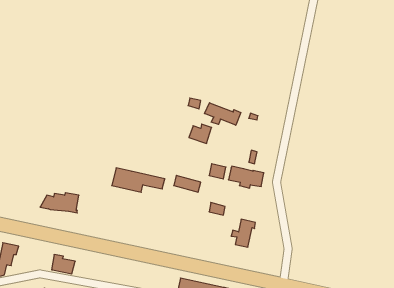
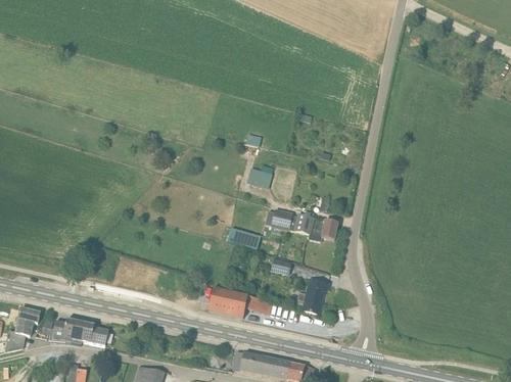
building: [205,103,241,125] -> none
building: [112,168,165,192] -> [207,287,272,317]
building: [40,193,79,213] -> [36,319,83,343]

